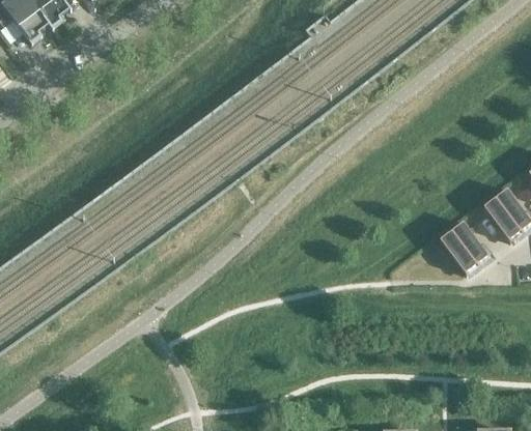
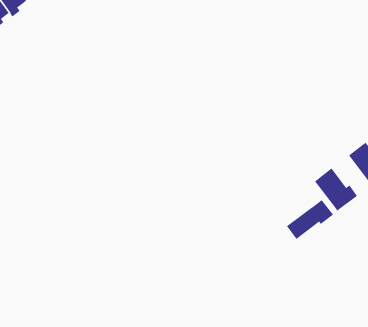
building: none -> [286,199,334,240]

